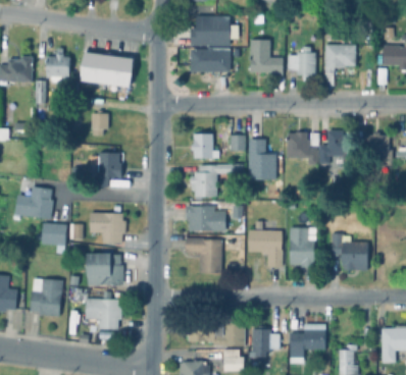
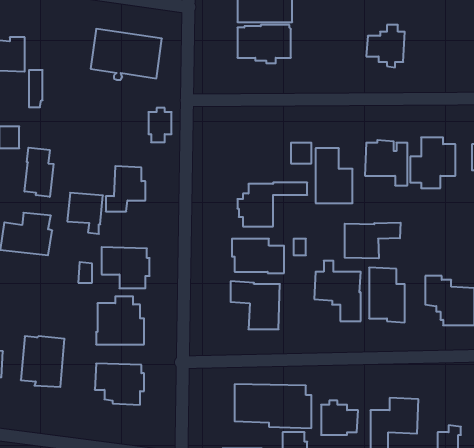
building: [250,40,282,72] -> none
building: [324,45,355,86] -> none
building: [46,47,70,82] -> none
building: [91,110,108,136] -> [148,108,172,142]
building: [194,133,224,158] -> none
building: none -> [25,148,54,197]
building: none -> [345,223,401,258]
building: [41,222,67,253] -> [67,193,103,234]

